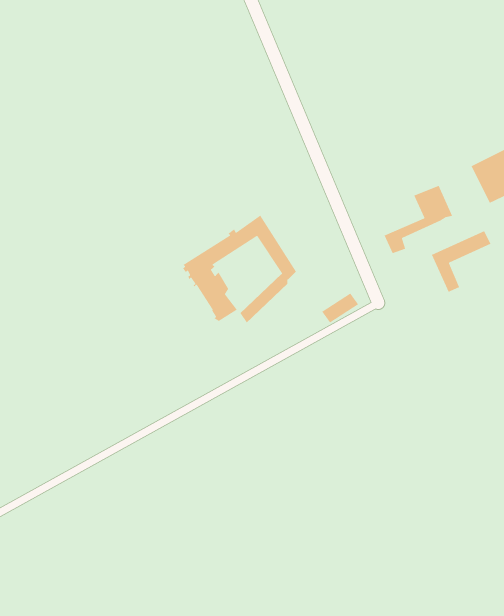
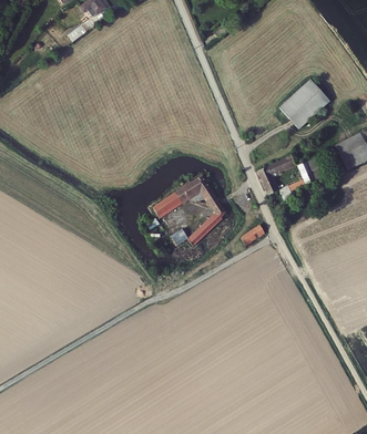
building: none -> [279,79,330,128]
building: [431,230,491,293] -> [257,155,296,195]

